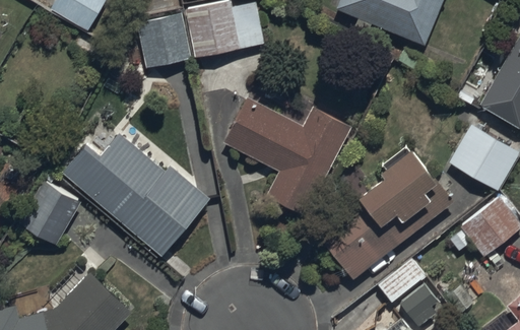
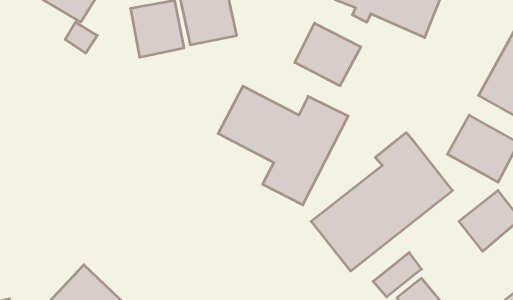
building: none -> [295,23,361,86]
building: [62,133,210,256] -> none
building: [18,182,81,246] -> none

